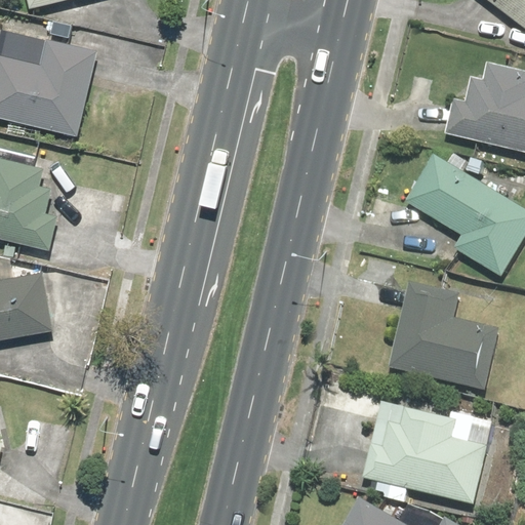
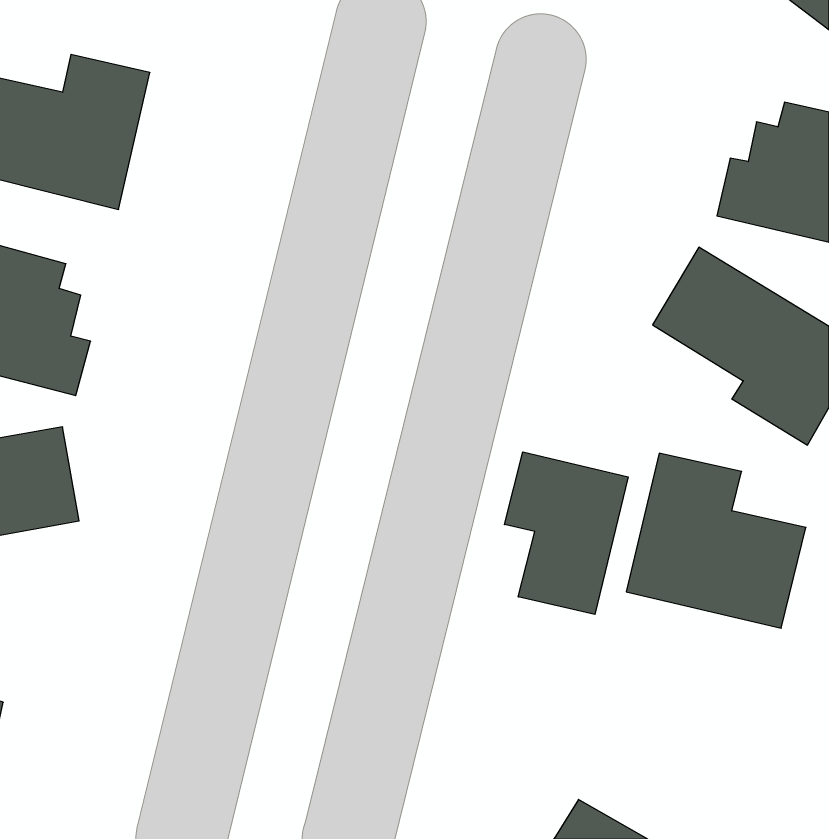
building: none -> [504,452,628,614]
building: [364,407,489,506] -> none

